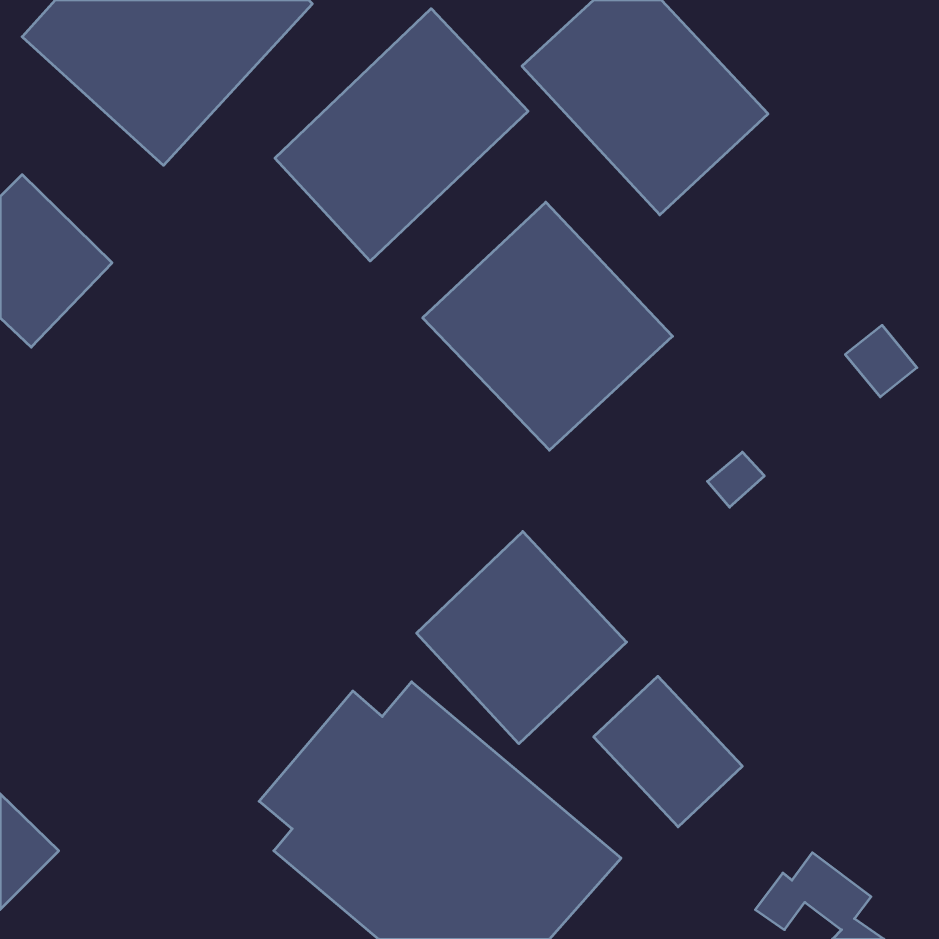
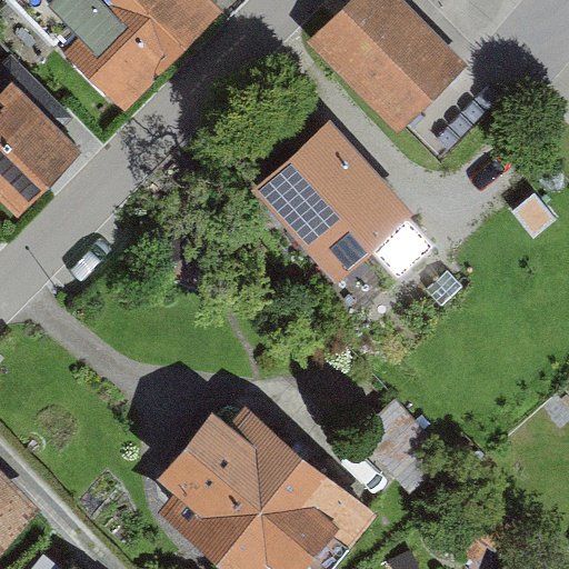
building: [275,9,528,261] -> none
building: [417,531,627,744] -> none

